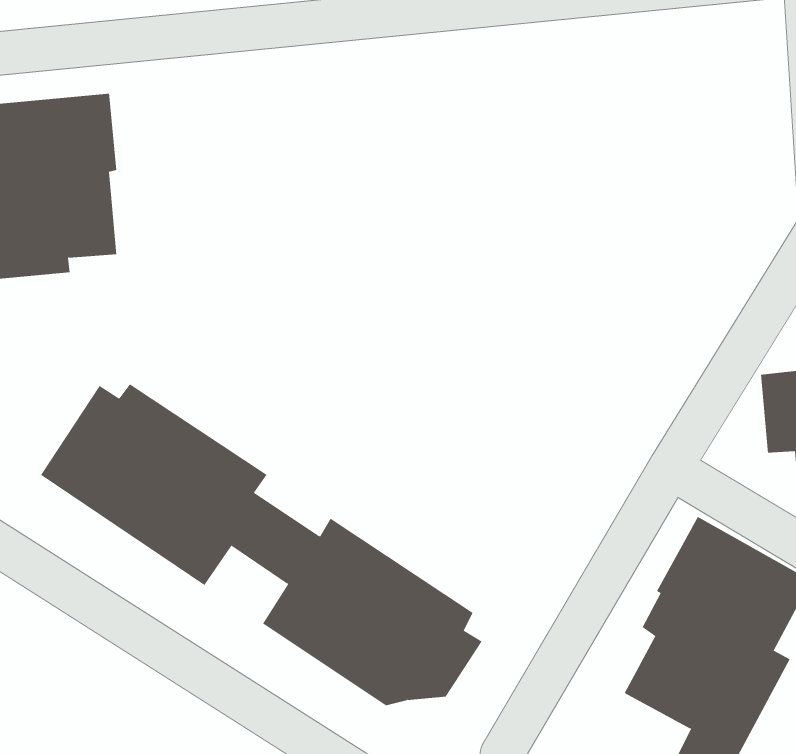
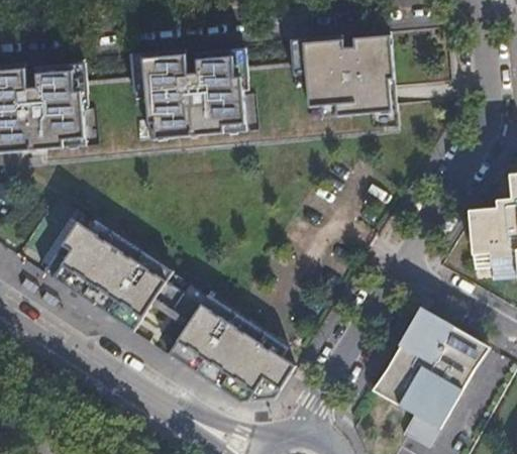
building: none -> [306,29,397,123]
building: none -> [144,42,250,147]

